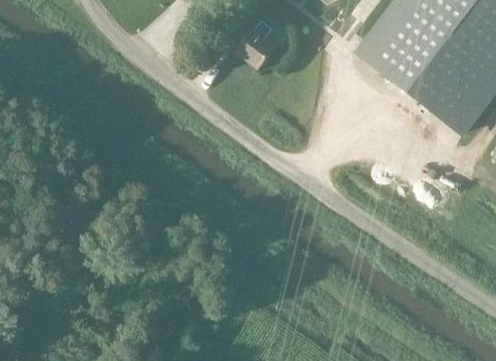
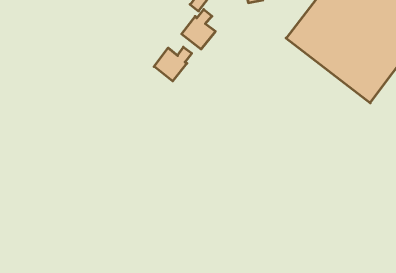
building: none -> [154,47,192,81]

